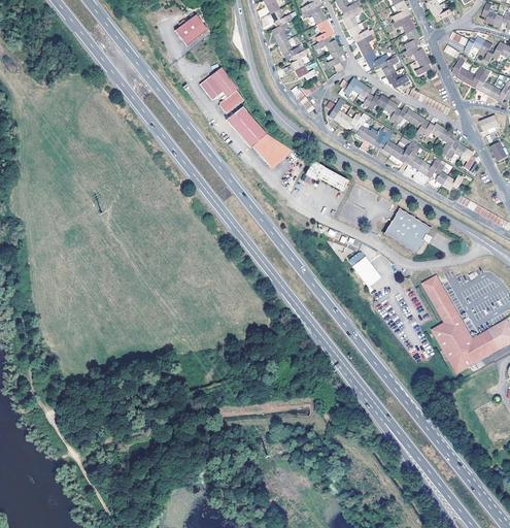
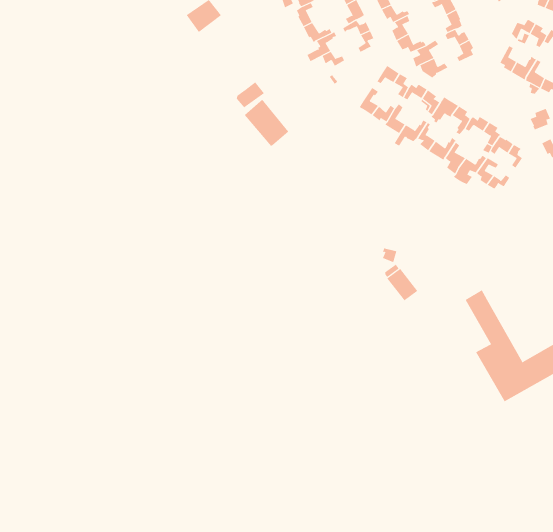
building: [199,67,237,100] -> none
building: [251,133,293,168] -> none
building: [303,161,347,192] -> none
building: [384,208,431,254] -> none

